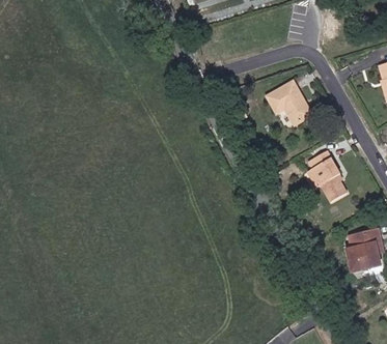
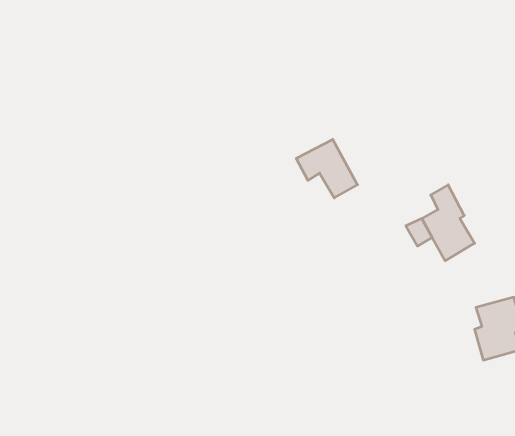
building: [266,81,309,122] -> [296,139,358,198]

